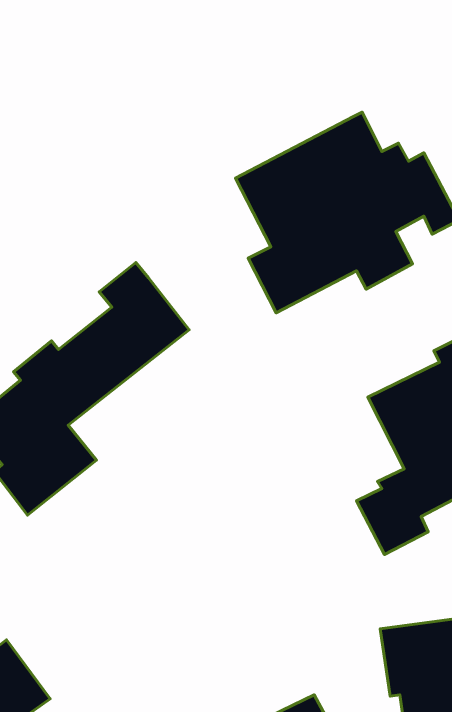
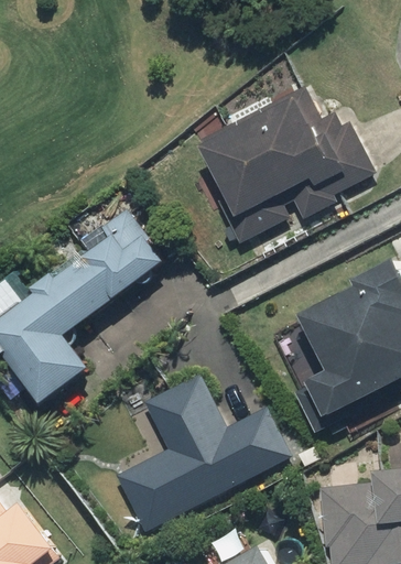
building: none -> [112,369,289,534]

